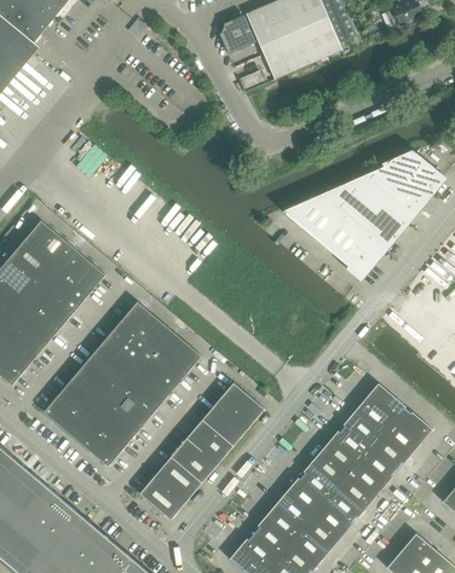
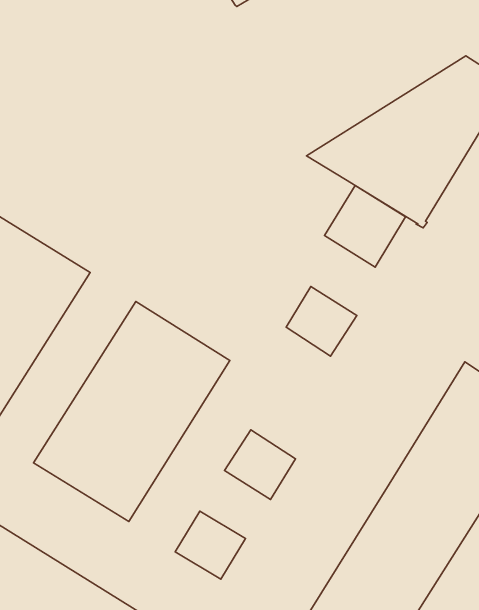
building: none -> [325,185,406,267]
building: [209,383,264,438] -> [286,287,357,356]
building: [162,439,217,492] -> none

